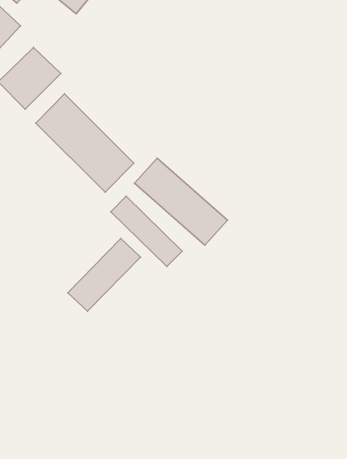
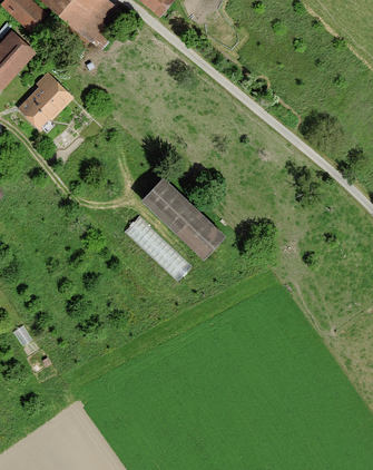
building: [36,94,134,192] -> none
building: [68,238,140,311] -> none

